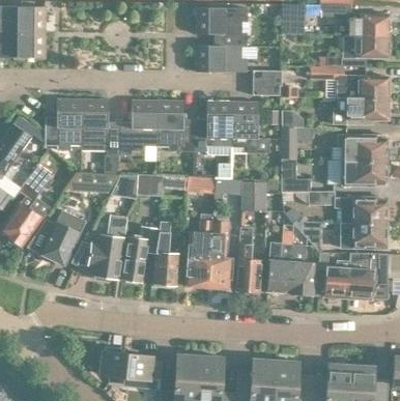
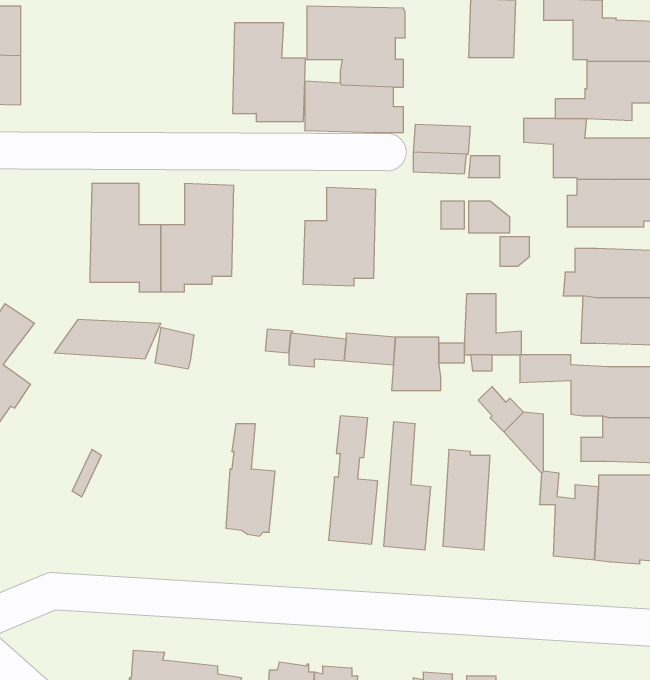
building: [45,98,83,150] -> none
building: [156,101,195,152] -> [232,23,305,121]
building: [231,103,258,154] -> none
building: [280,126,297,157] -> none
building: [135,173,163,195] -> none
building: [40,208,86,265] -> none
building: [88,213,126,279] -> none
building: [184,218,213,287] -> none
building: [122,225,158,281] -> none
building: [289,242,315,295] -> none

